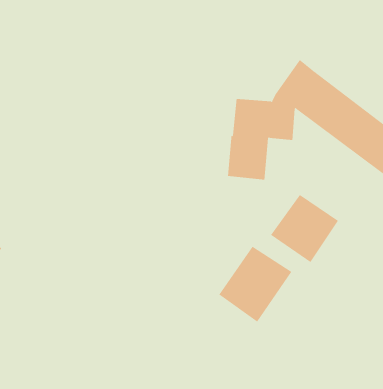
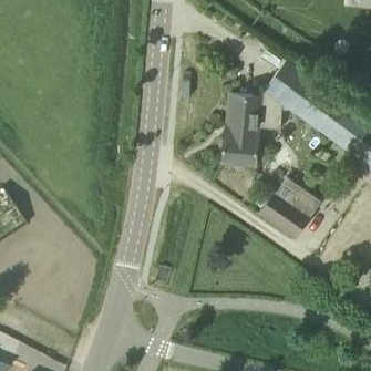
building: [219,246,292,323] -> none

